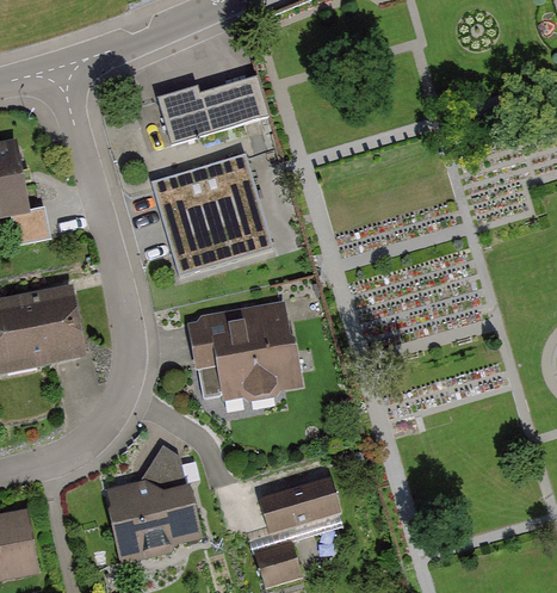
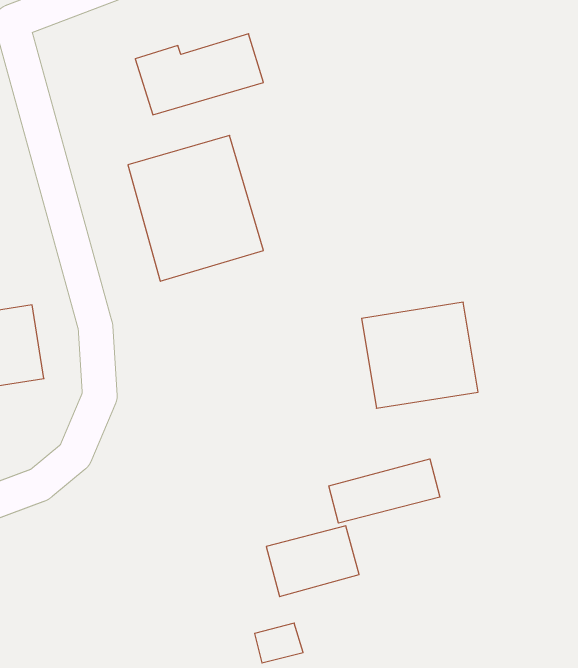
building: [203,309,297,395] -> [362,302,478,408]
building: none -> [329,459,440,523]
building: [111,453,204,552] -> none

